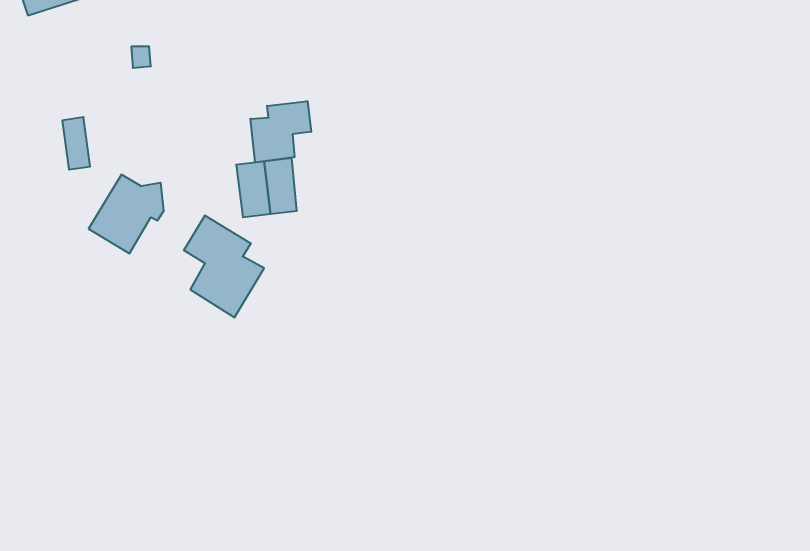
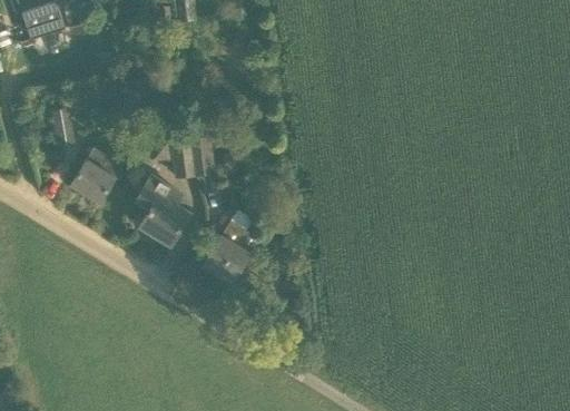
building: [250,101,311,162] -> none
building: none -> [202,221,257,282]

